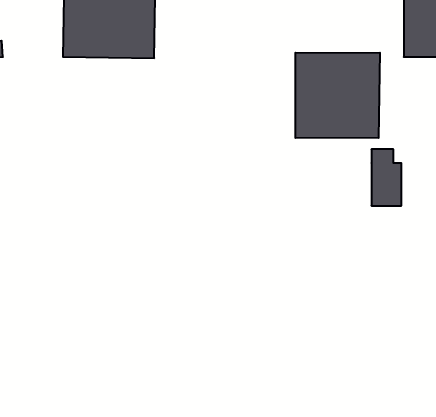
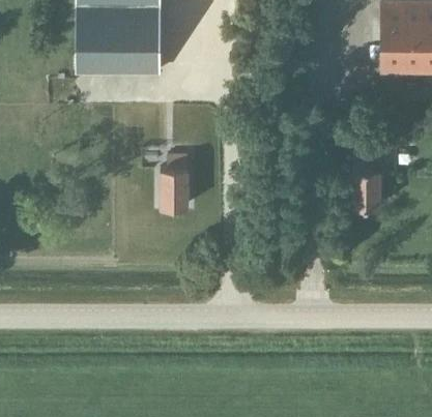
building: [295,53,380,138] -> none
building: none -> [161,156,189,207]

